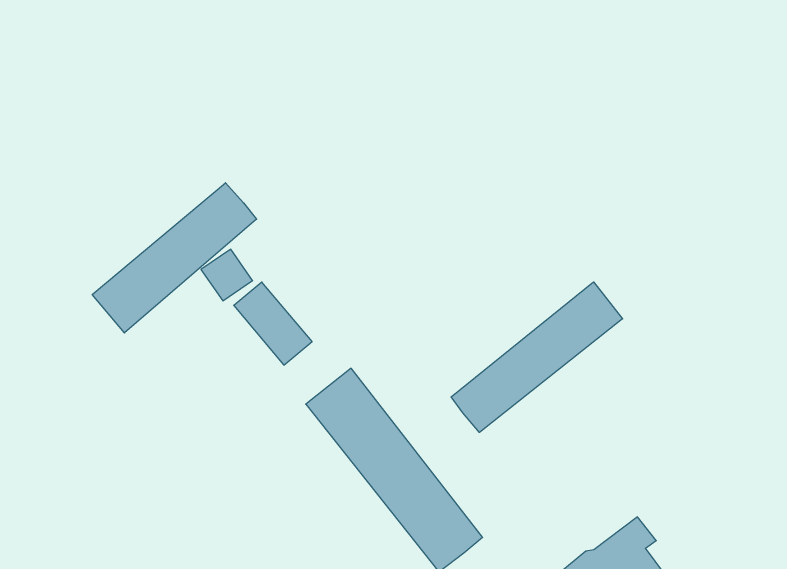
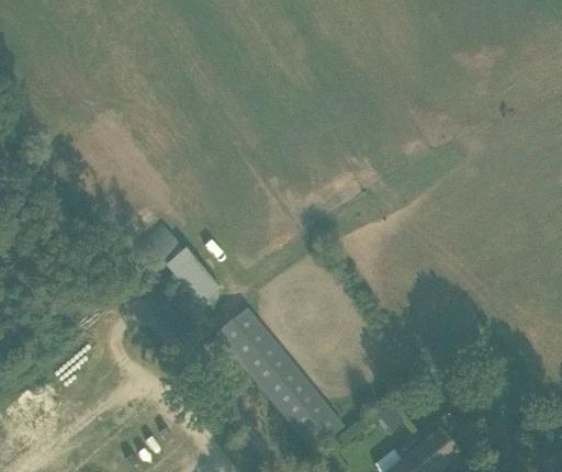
building: [92,183,257,333] -> none
building: [451,282,623,432] -> none

